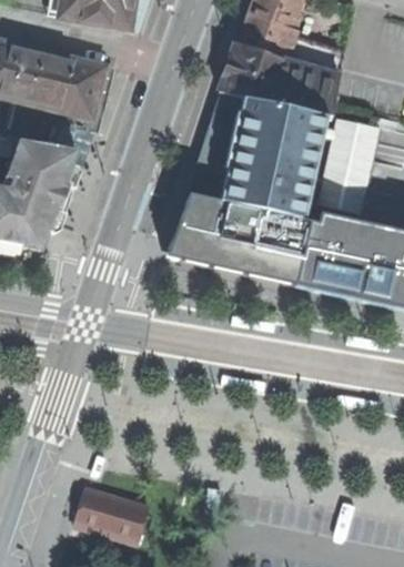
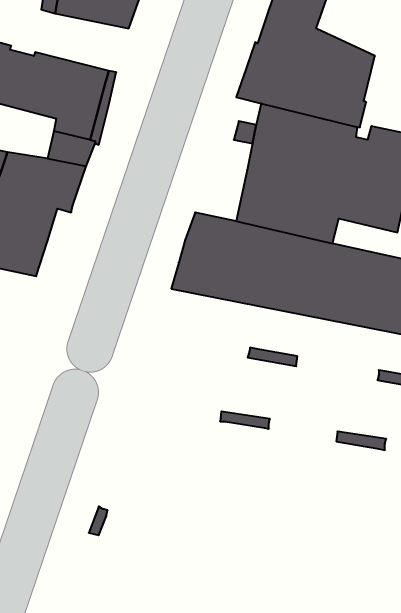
building: [77,484,152,539] -> none

